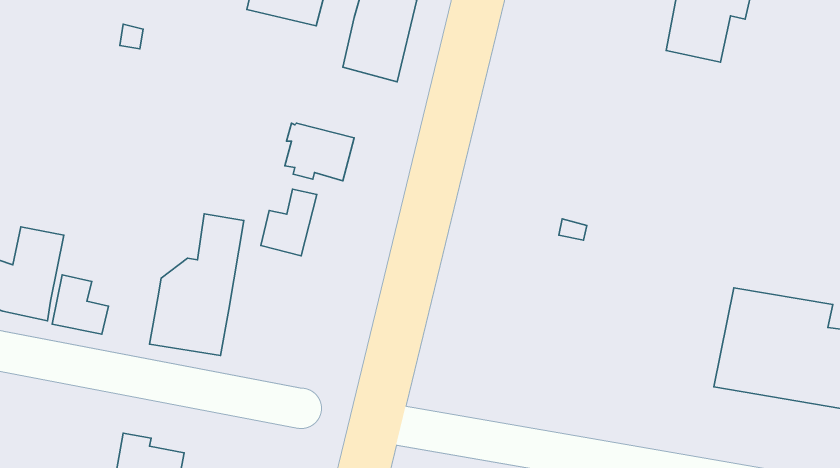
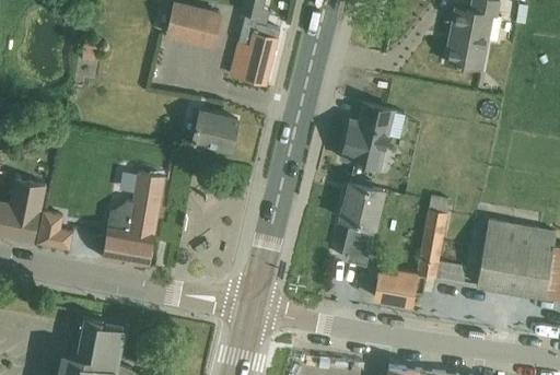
building: none -> [340,106,392,168]
building: [261,189,317,256] -> none
building: none -> [338,186,380,267]
building: none -> [374,198,466,305]

